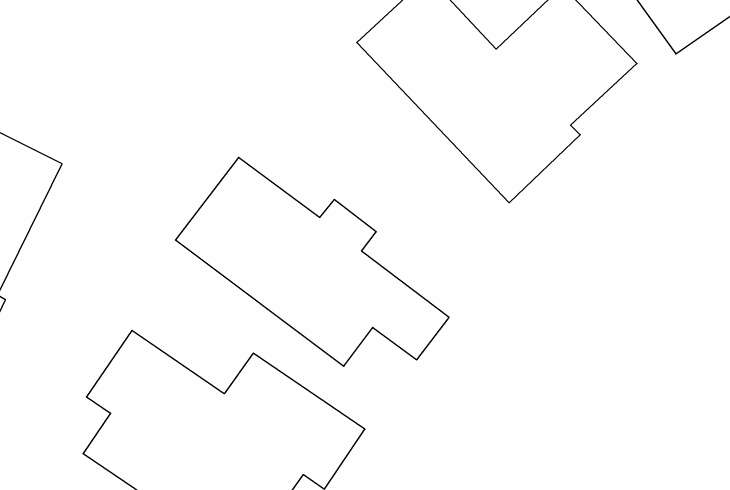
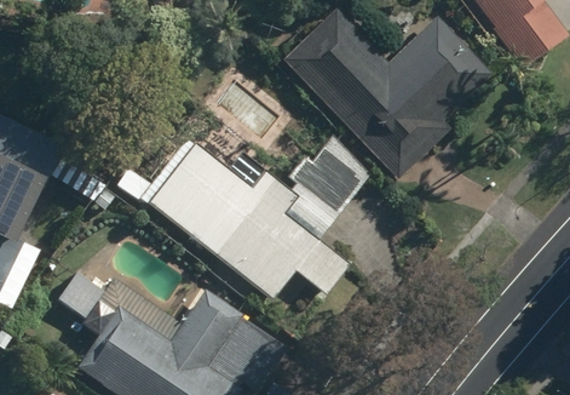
building: none -> [288,136,370,236]

